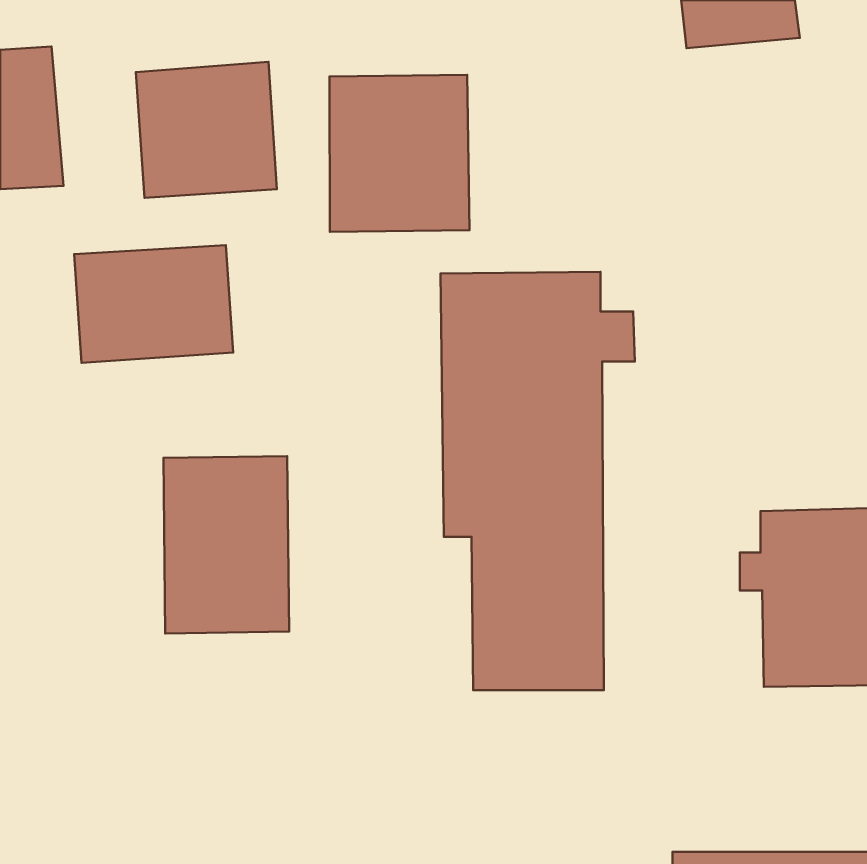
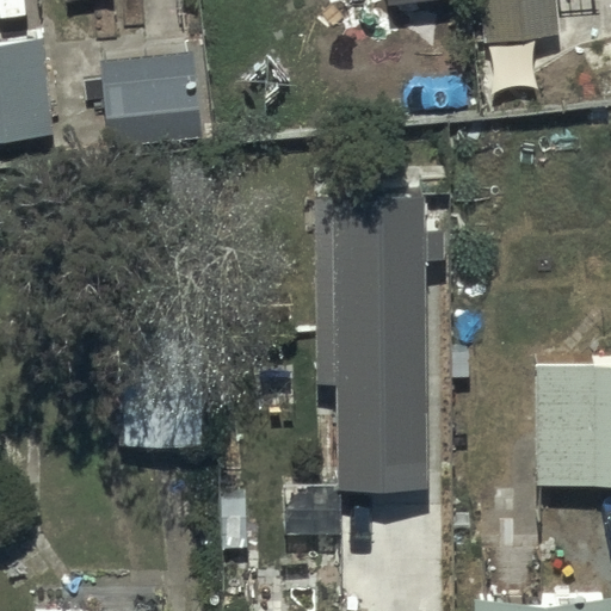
building: [329,75,469,232] -> none
building: [74,245,233,363] -> none

